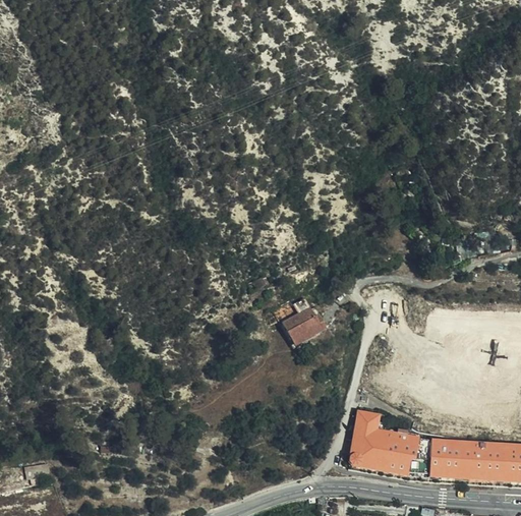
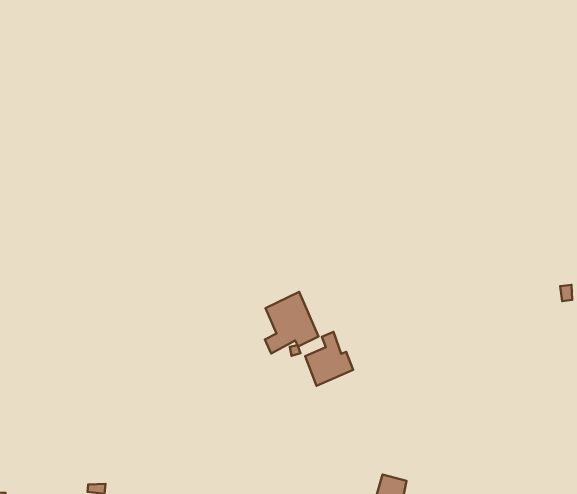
building: none -> [265,292,319,354]

